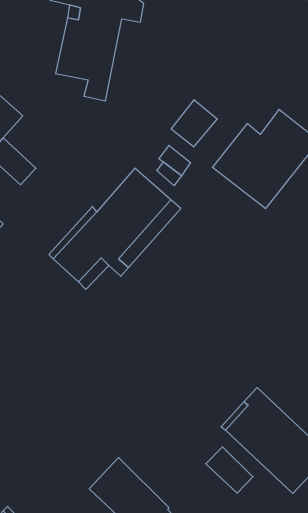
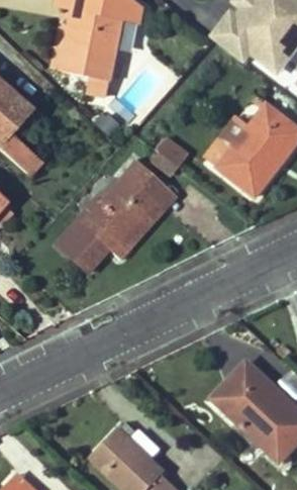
building: [171,100,217,147] -> none
building: [206,447,253,493] -> none

